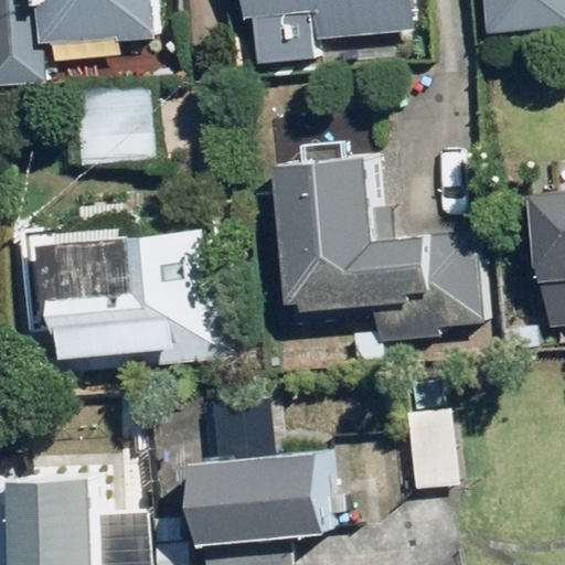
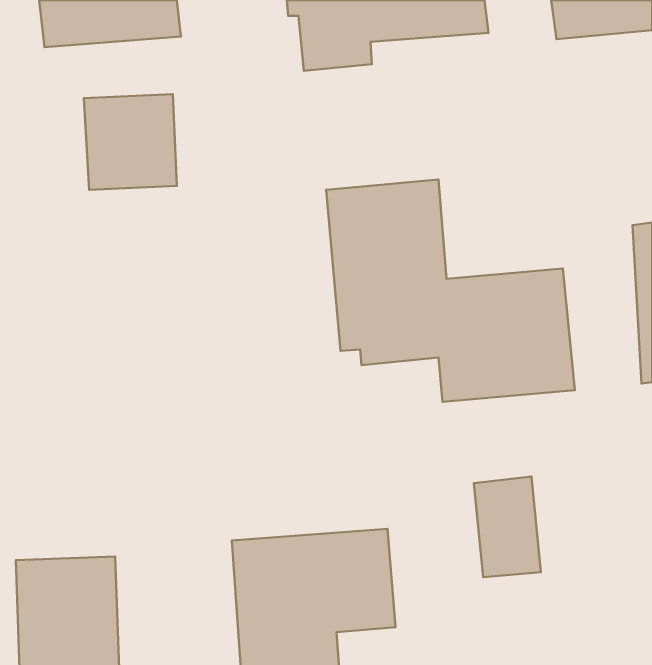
building: [23,215,216,371] -> none

